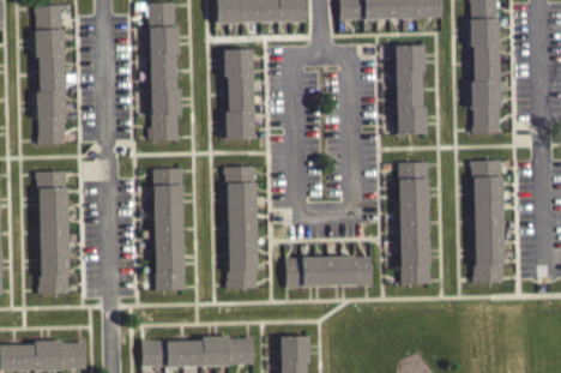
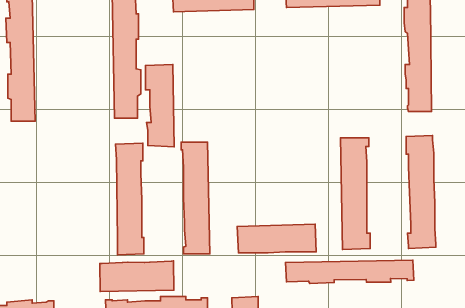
building: [396,46,427,134] -> none
building: [223,49,254,139] -> [146,65,174,147]
building: [36,172,68,294] -> none
building: none -> [286,260,414,284]
building: none -> [100,261,174,292]

